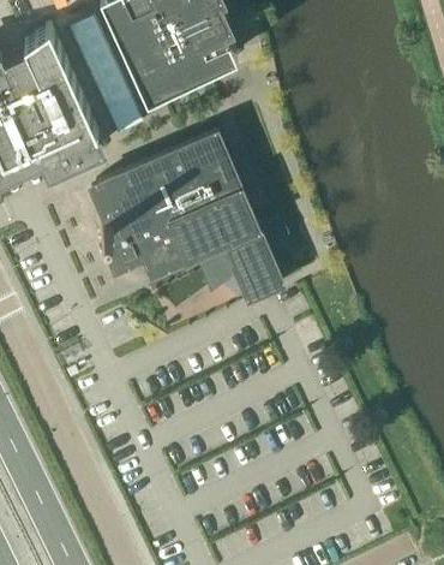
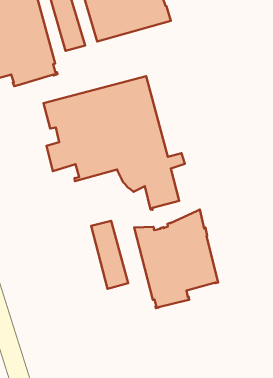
building: none -> [134,210,218,308]
building: none -> [91,221,128,289]

